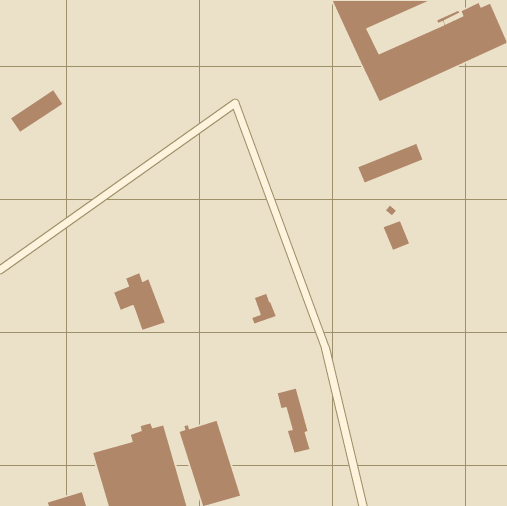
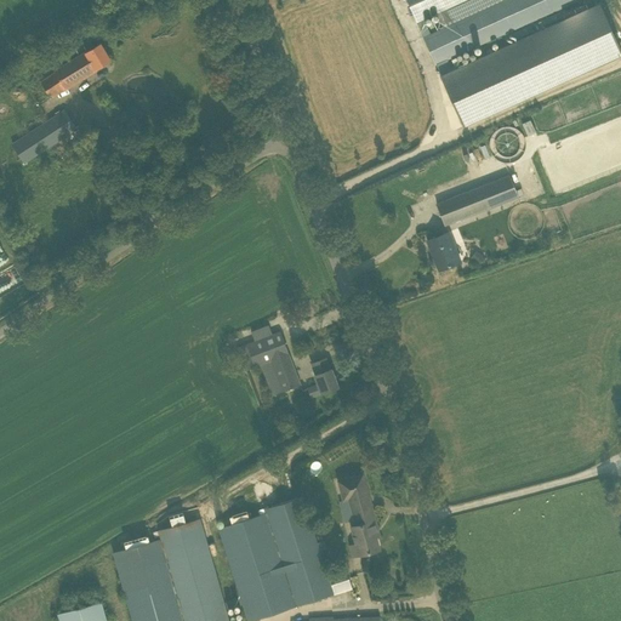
building: none -> [40,45,110,99]
building: [383,220,410,251] -> [427,233,461,270]
building: [113,272,166,331] -> [237,325,301,397]
building: none -> [264,497,352,608]

